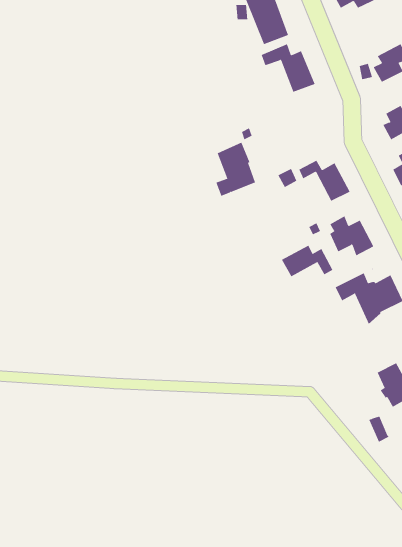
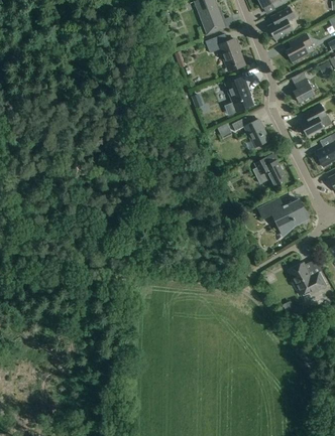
building: none -> [267,7,295,43]
building: [215,142,256,197] -> [224,76,253,115]
building: [281,245,333,277] -> none

